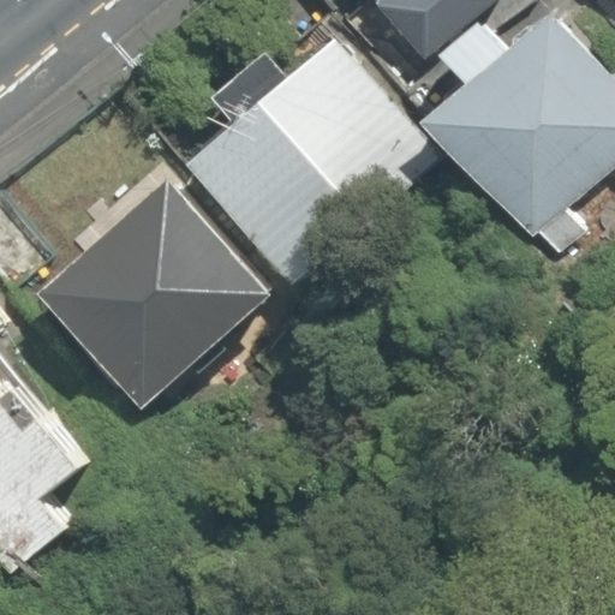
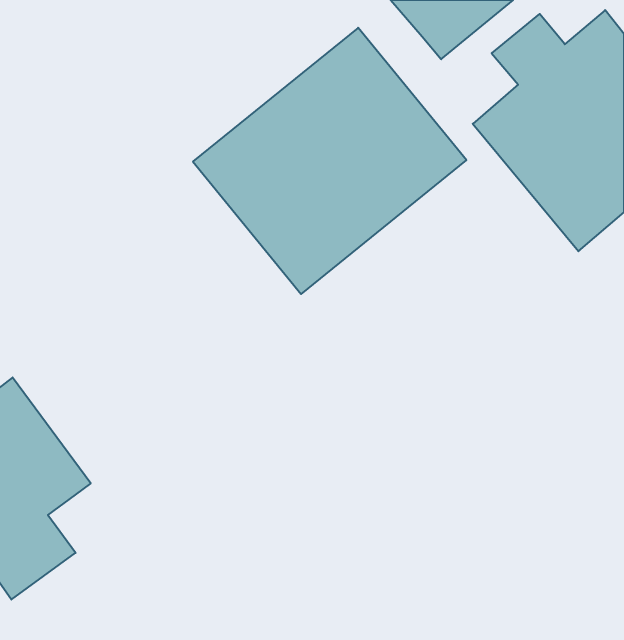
building: [40,173,277,408] -> none

